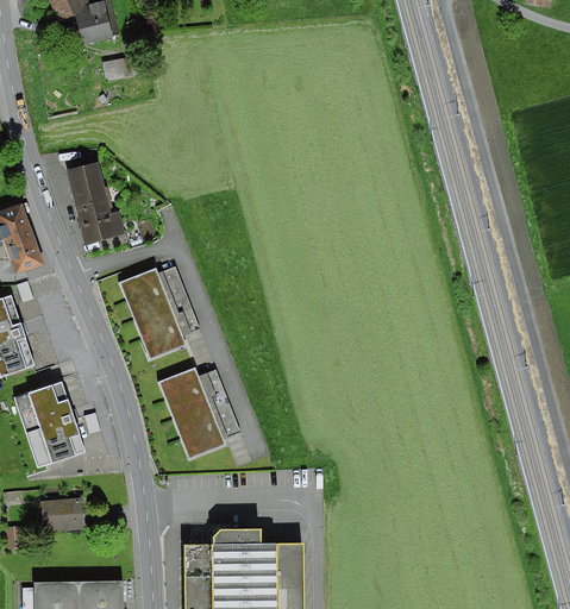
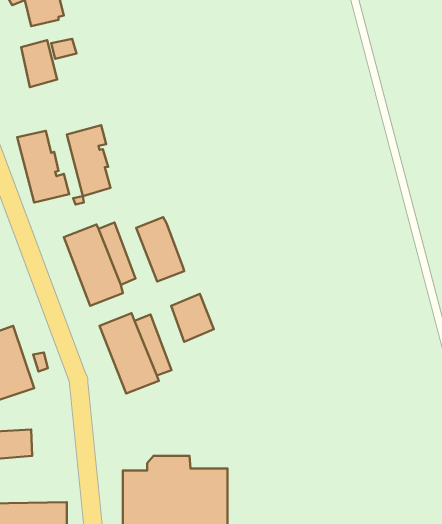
building: none -> [21,40,57,87]
building: none -> [67,125,111,196]
building: none -> [136,217,184,282]
building: none -> [171,294,214,342]

